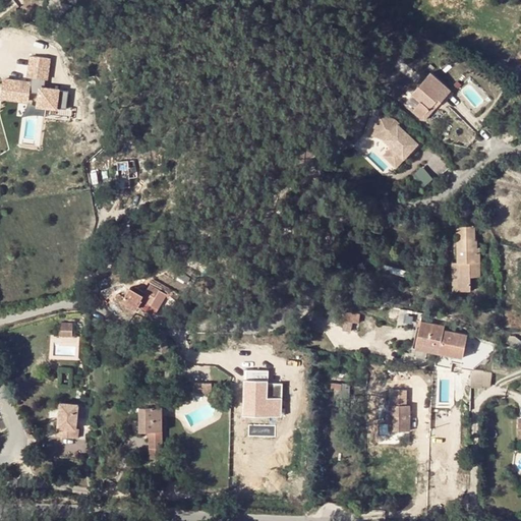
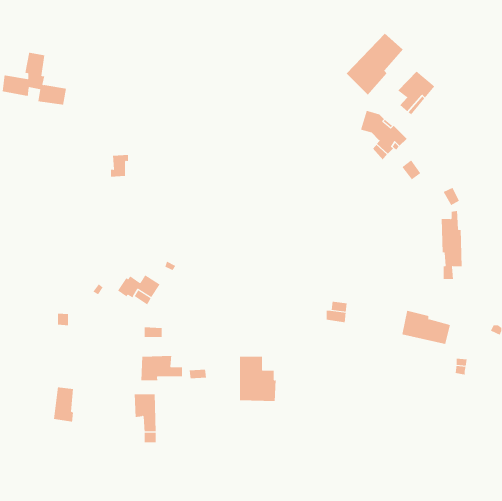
building: none -> [346,33,403,95]
building: none -> [141,355,183,381]
building: [388,393,408,432] -> none

